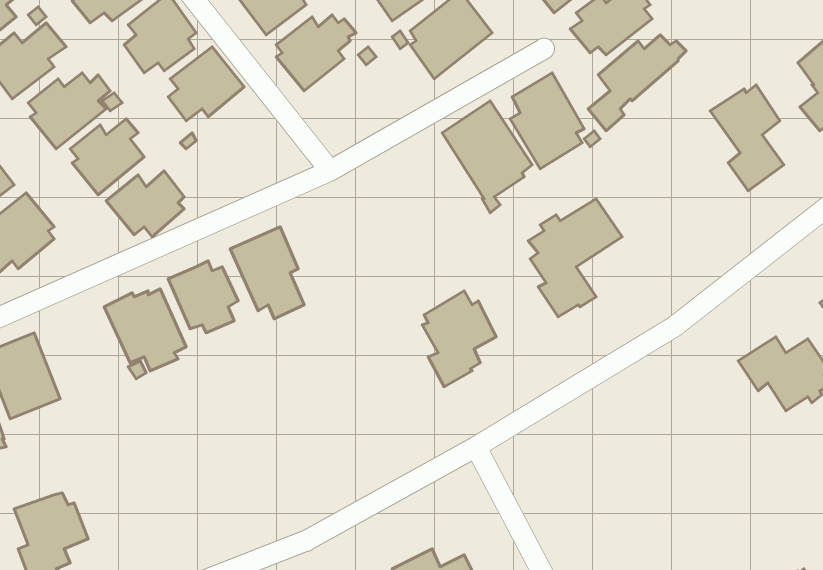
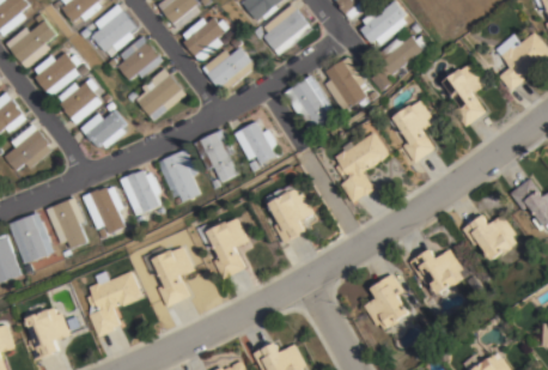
building: none -> [205,49,256,92]
building: none -> [135,71,187,123]
building: none -> [388,97,437,160]
building: none -> [233,119,278,162]
building: none -> [193,126,236,180]
building: none -> [44,195,86,248]
building: none -> [196,216,249,278]
building: none -> [142,244,195,305]
building: none -> [408,245,462,291]
building: none -> [86,268,144,335]
building: none -> [361,272,408,328]

